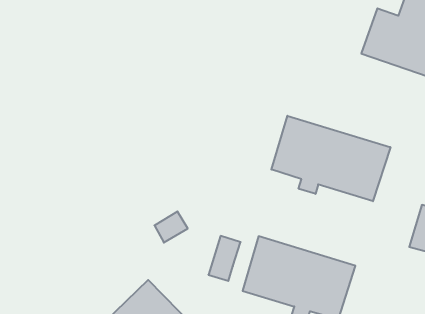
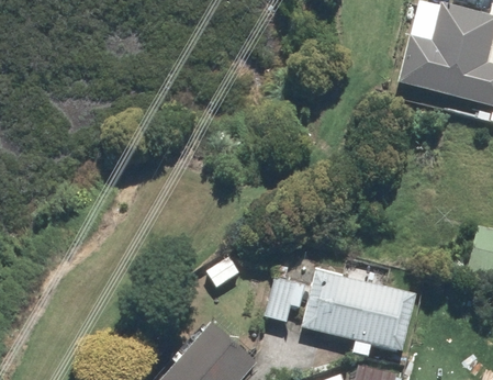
building: [271,116,390,201] -> none

